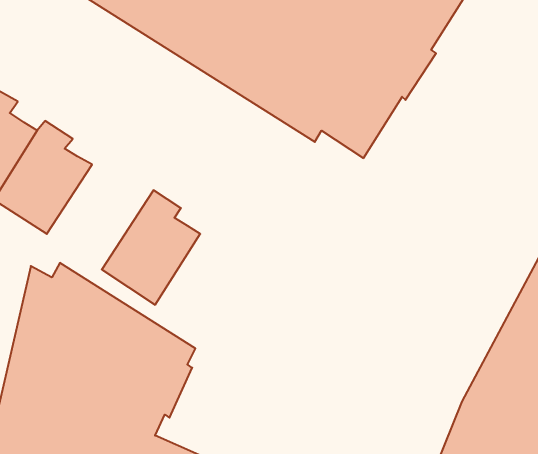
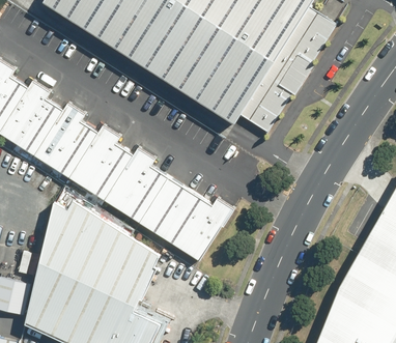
building: none -> [66,128,131,202]
building: none -> [136,179,232,264]

